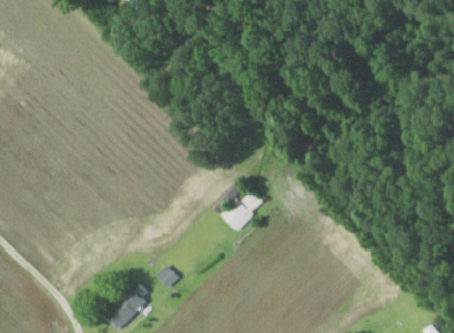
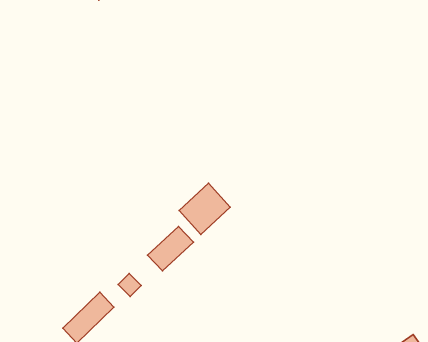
building: none -> [148,227,193,271]

